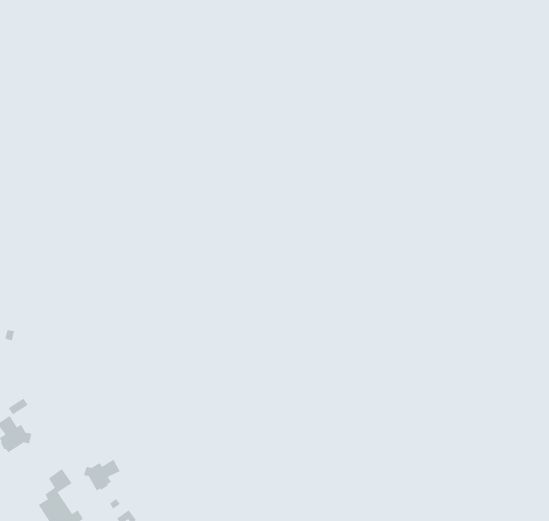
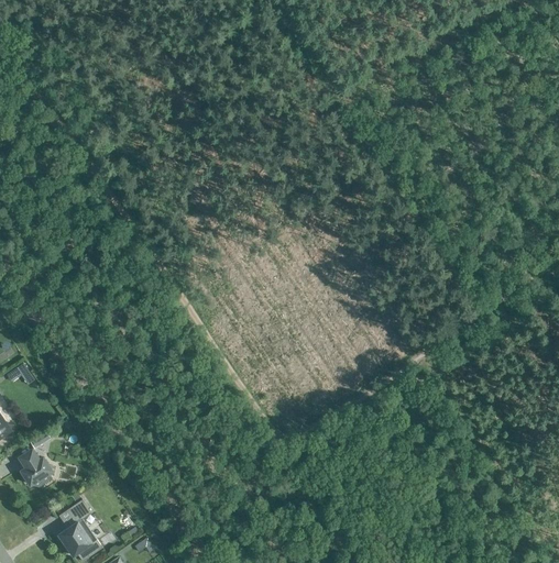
building: [83,459,120,491] -> none

